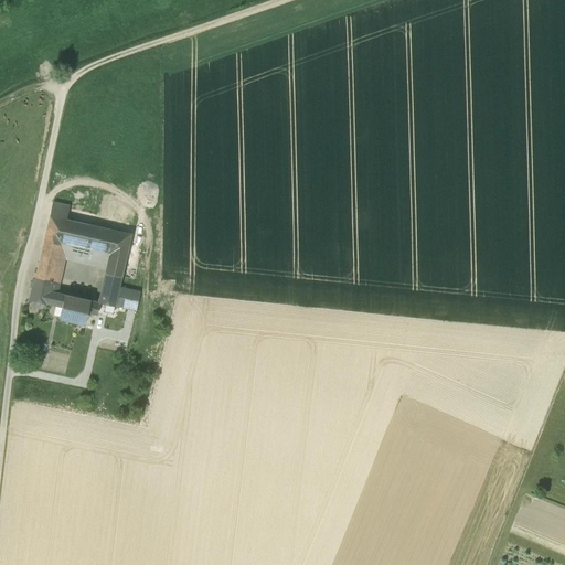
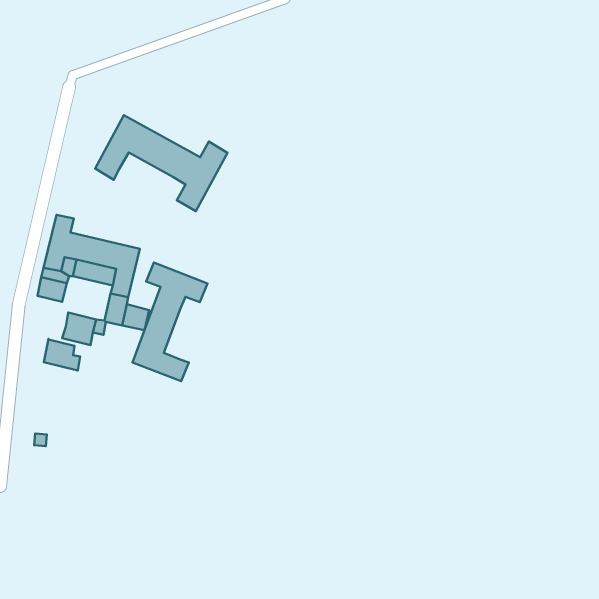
building: none -> [95,115,228,211]
building: none -> [132,263,207,381]
building: [31,277,65,307] -> [44,339,80,370]

